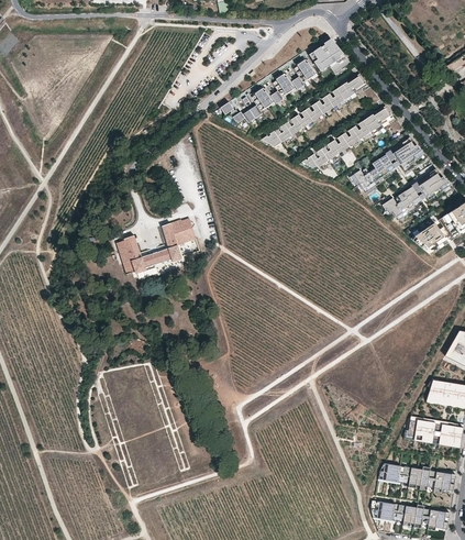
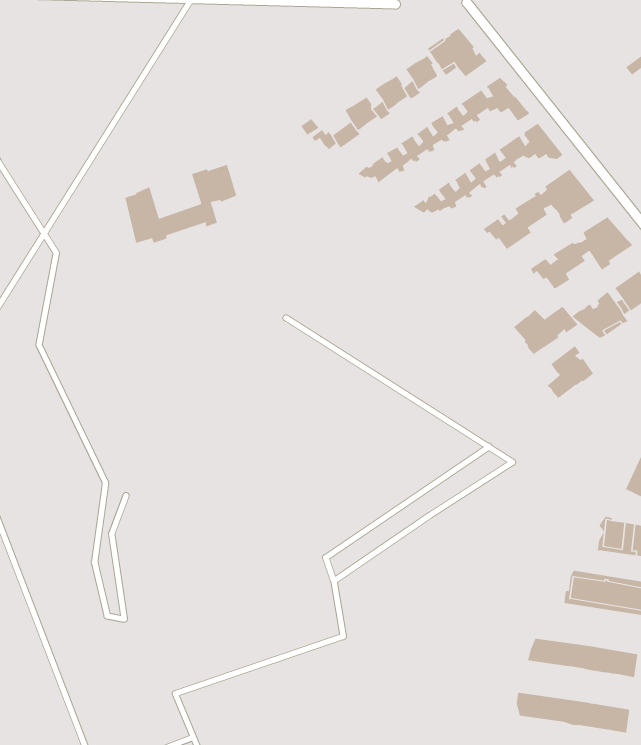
building: [118,218,196,273] -> [124,164,237,243]
building: none -> [513,306,579,355]
building: none -> [546,345,594,399]

